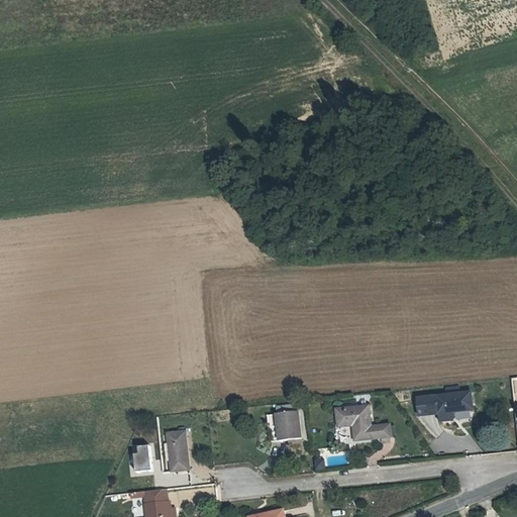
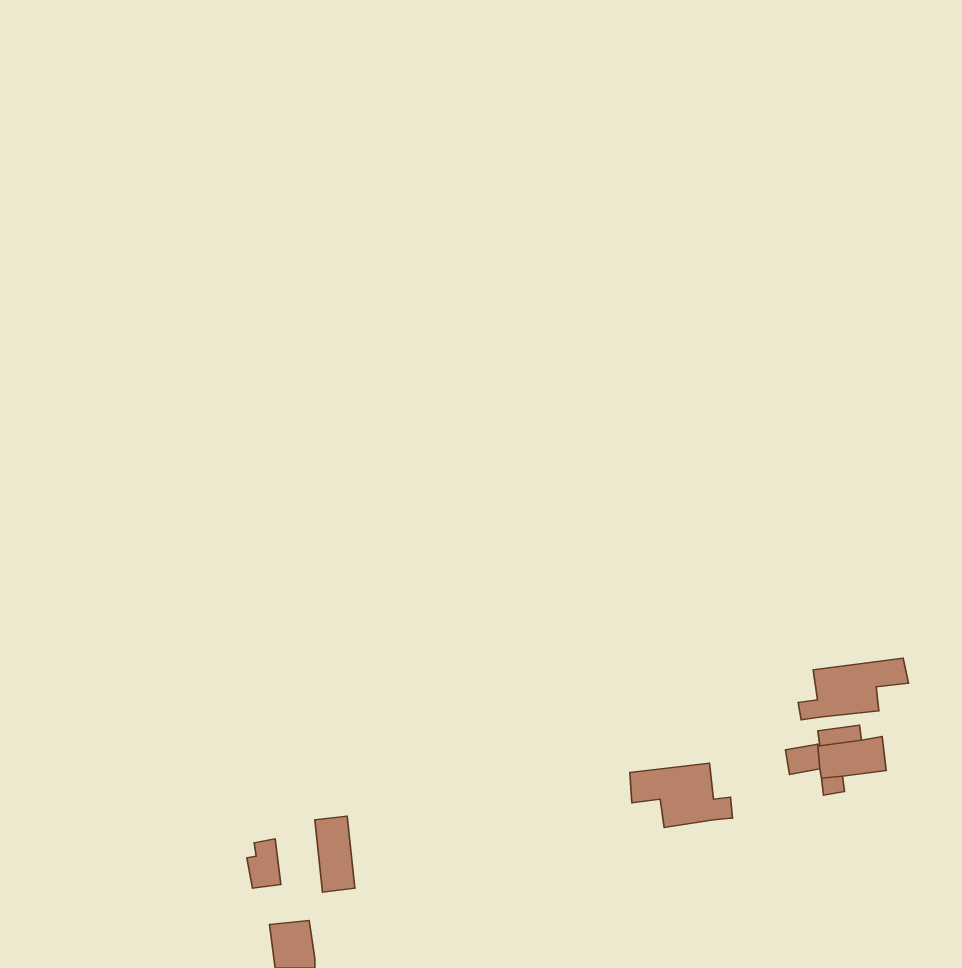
building: none -> [798,658,908,720]
building: [266,413,300,441] -> none

